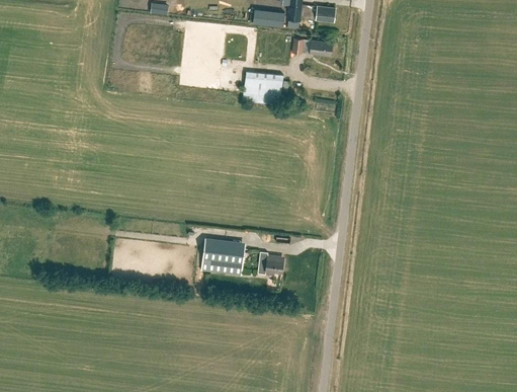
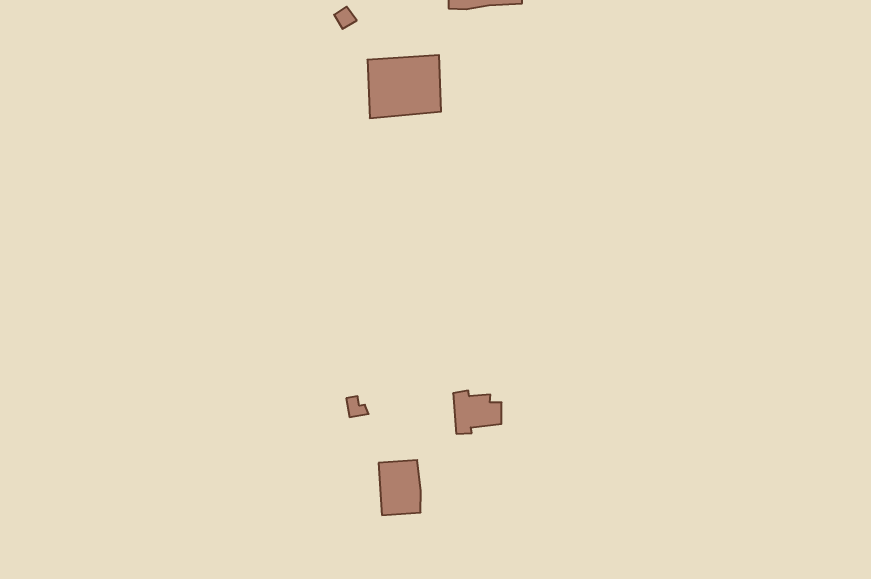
building: [221,244,244,273] -> [379,460,421,515]

